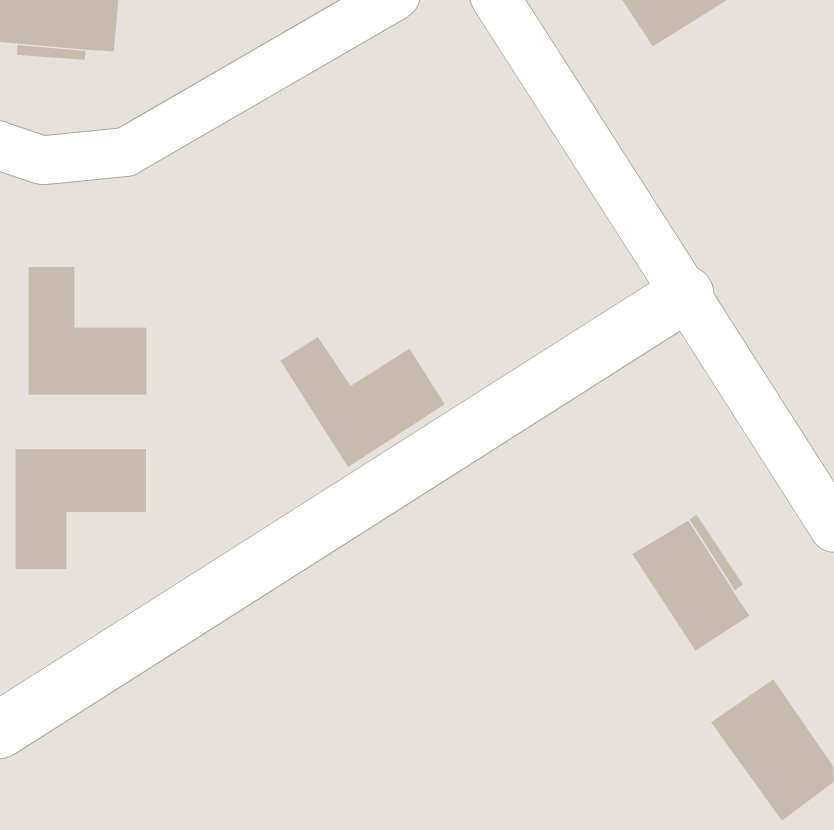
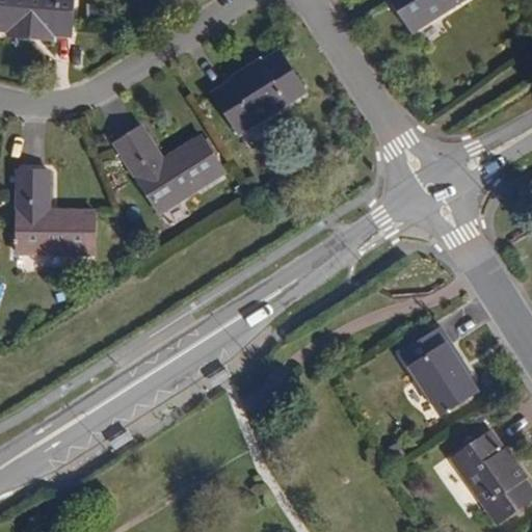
building: none -> [215,52,305,133]
building: [279,336,446,468] -> [113,130,219,214]
building: [15,448,147,570] -> none

